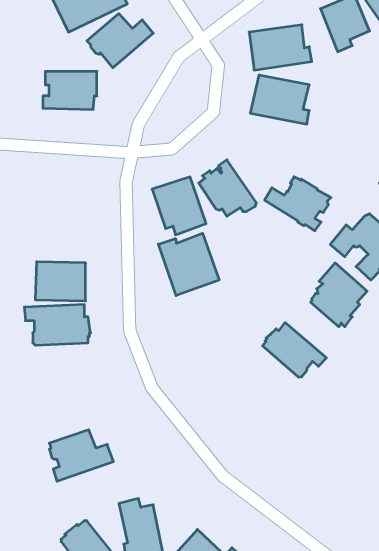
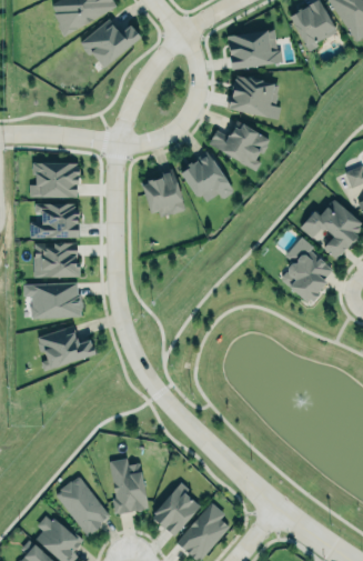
building: [43,71,97,109] -> [30,162,79,197]
building: [265,177,331,231] -> [210,121,270,170]
building: none -> [30,203,80,238]
building: [158,233,219,296] -> none
building: [263,323,326,377] -> none
building: [49,430,113,481] -> [38,325,95,372]

